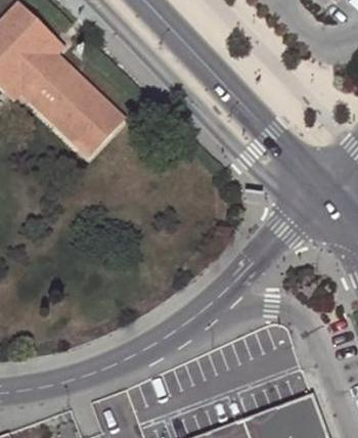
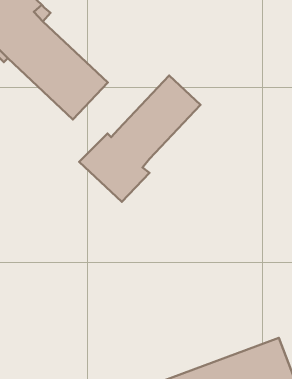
building: none -> [79,76,200,202]

